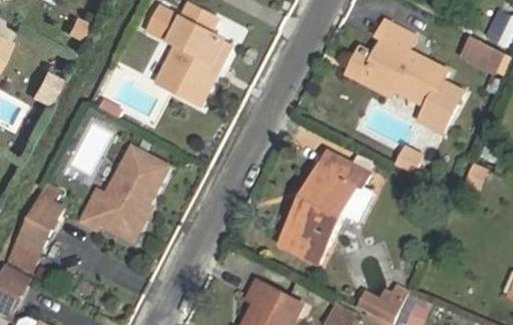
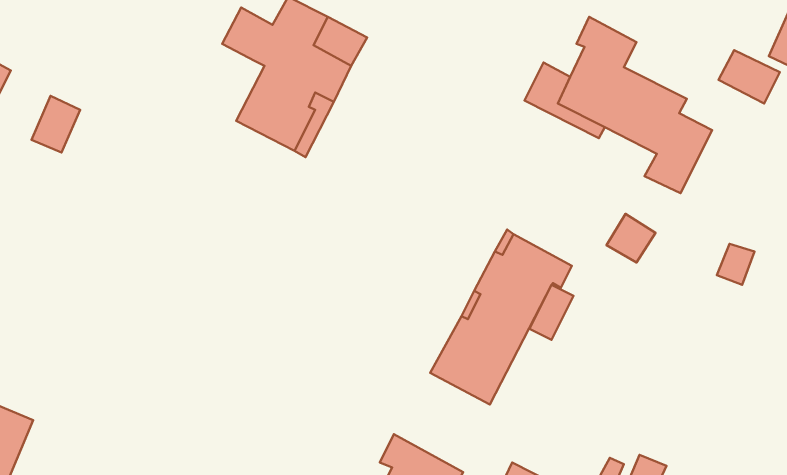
building: [78,147,165,241] -> none
building: [14,194,63,255] -> none

